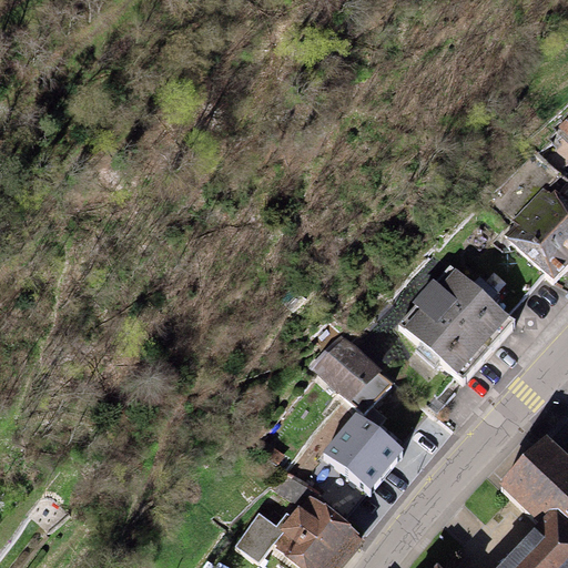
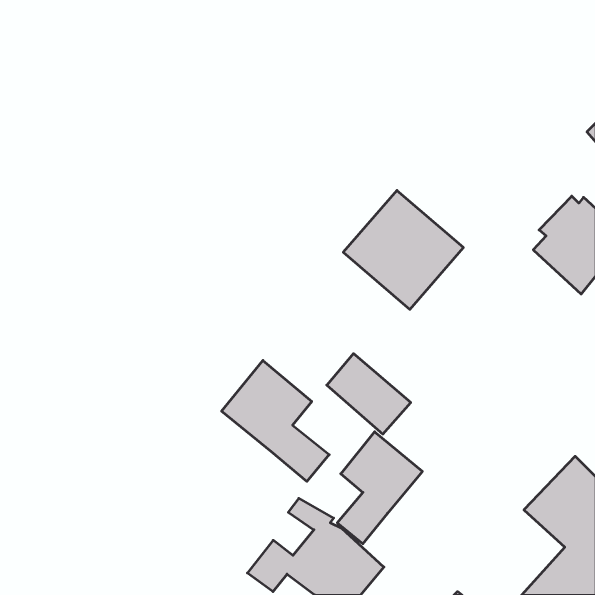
building: [400,264,515,377] -> [343,190,463,309]
building: none -> [222,360,329,481]

